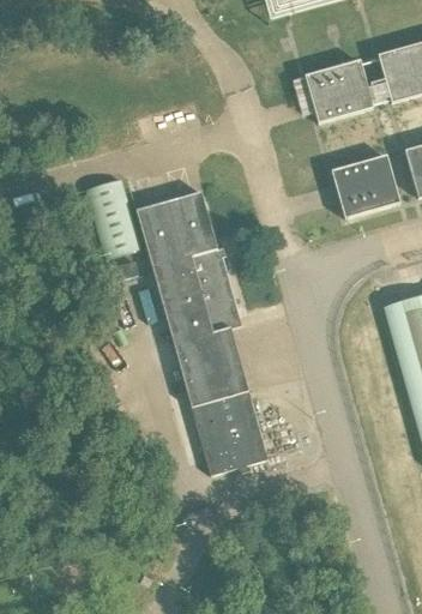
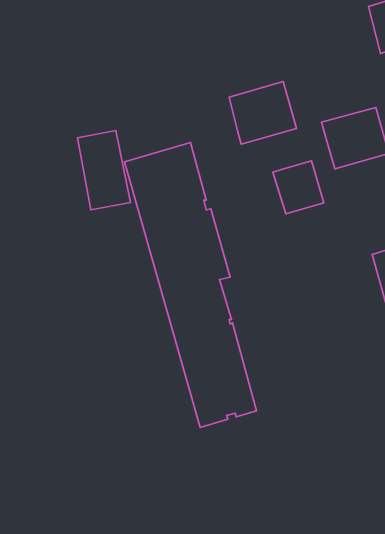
building: [306,59,373,121] -> [229,82,297,144]
building: none -> [273,161,324,214]

